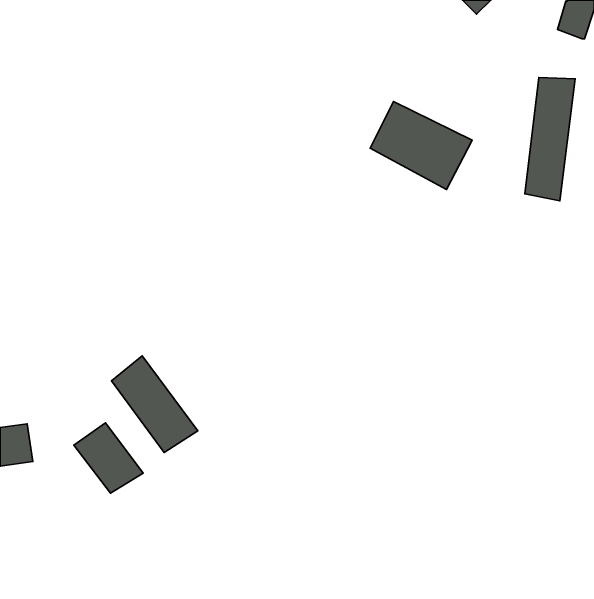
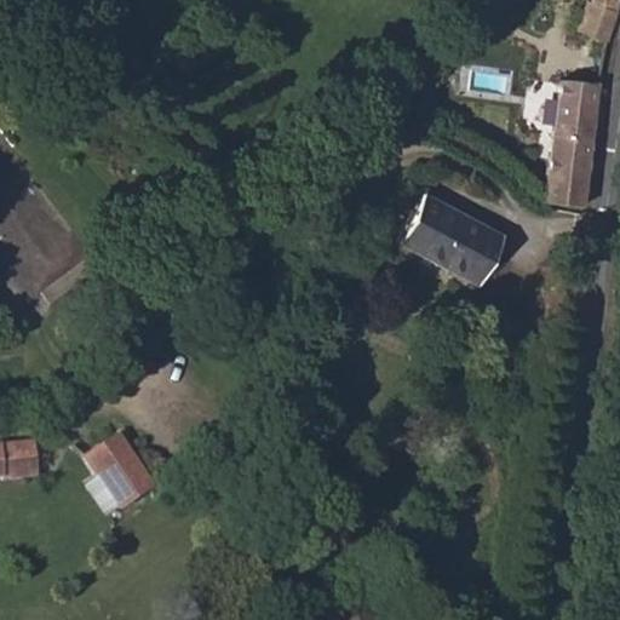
building: [370,101,472,189] -> [400,193,505,283]
building: [111,356,198,453] -> none

